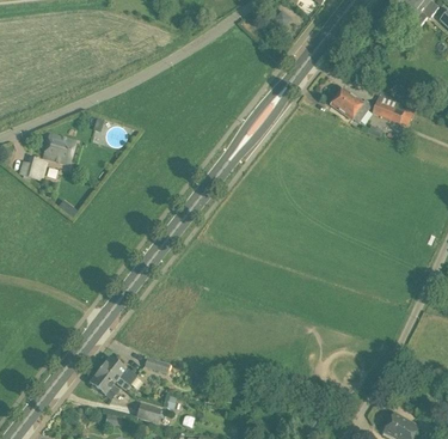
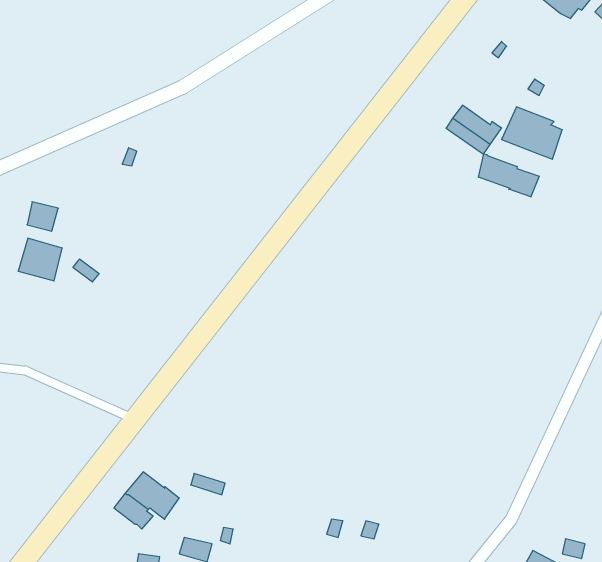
building: none -> [478,154,539,197]
building: [43,133,75,164] -> [18,238,62,281]

